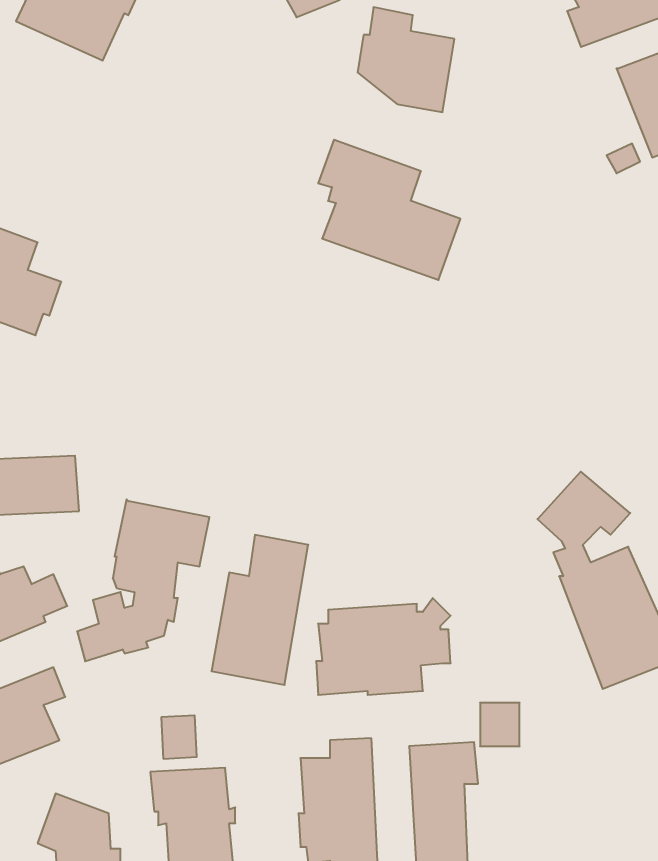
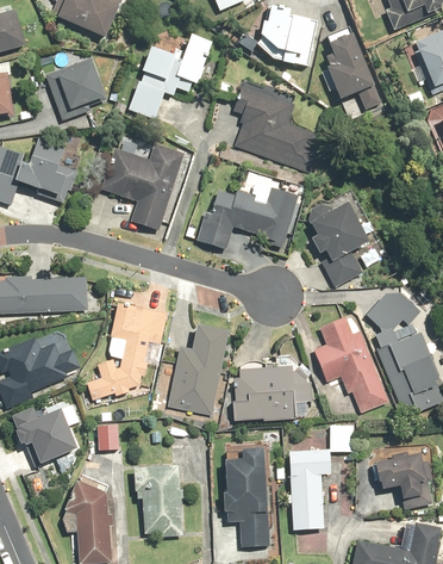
building: none -> [324,29,383,109]
building: none -> [129,35,211,118]
building: none -> [48,57,107,119]
building: none -> [101,143,186,230]
building: none -> [198,186,299,249]
building: none -> [308,202,368,286]
building: none -> [313,315,389,413]
building: [161,715,197,759] -> [99,423,120,450]
building: none -> [374,448,433,509]

